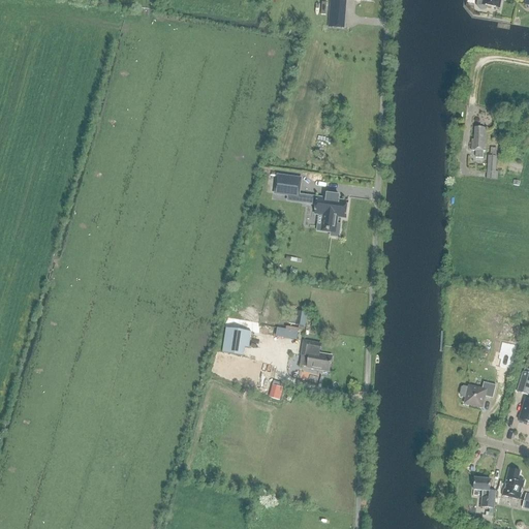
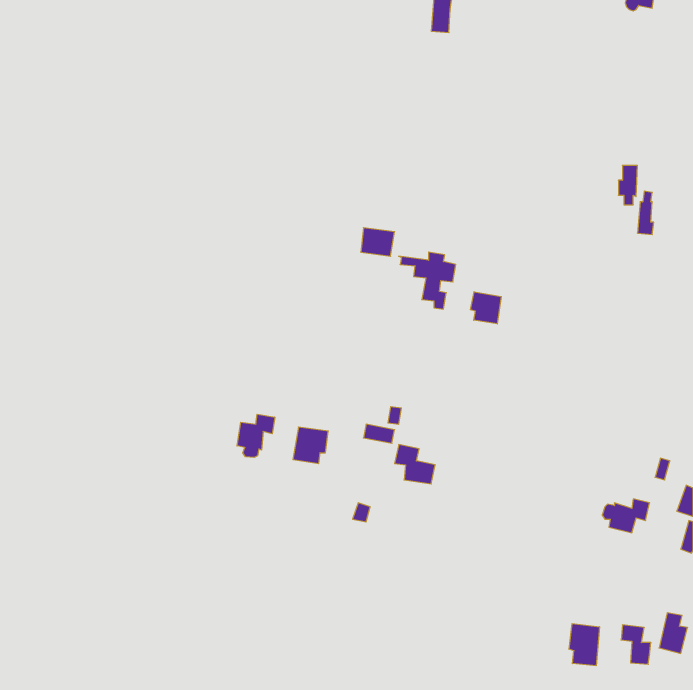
building: none -> [471,292,501,324]
building: none -> [237,414,275,457]
building: none -> [569,624,599,666]

